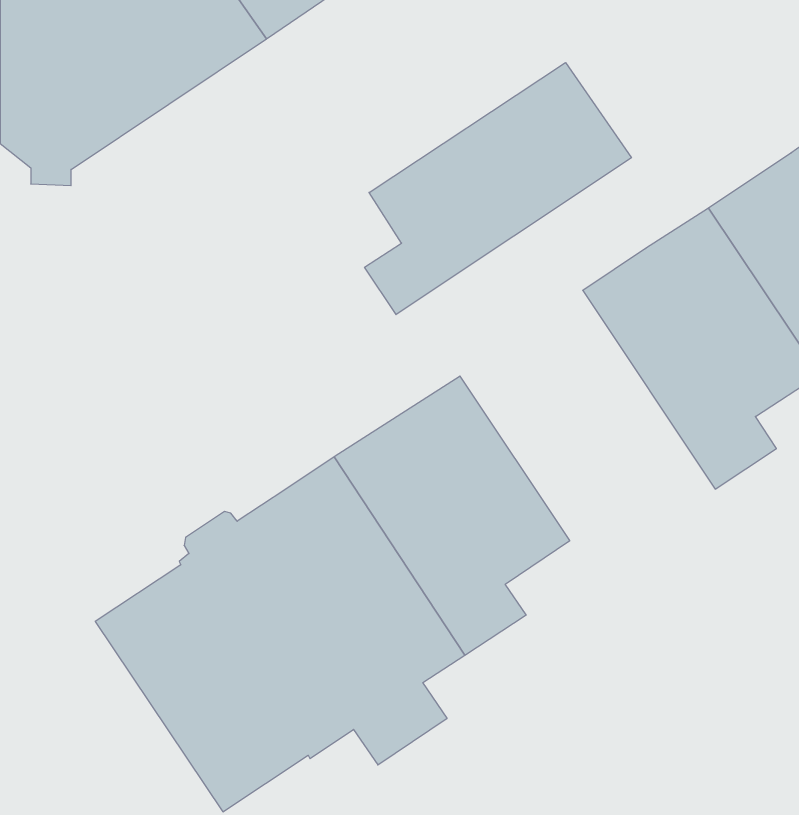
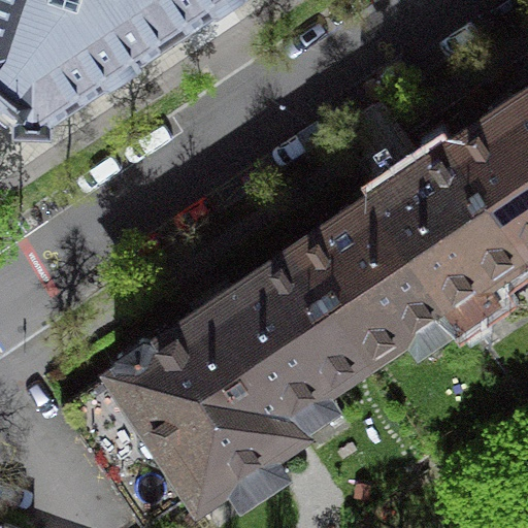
building: [365,63,631,315] -> none
building: none -> [310,186,473,345]

